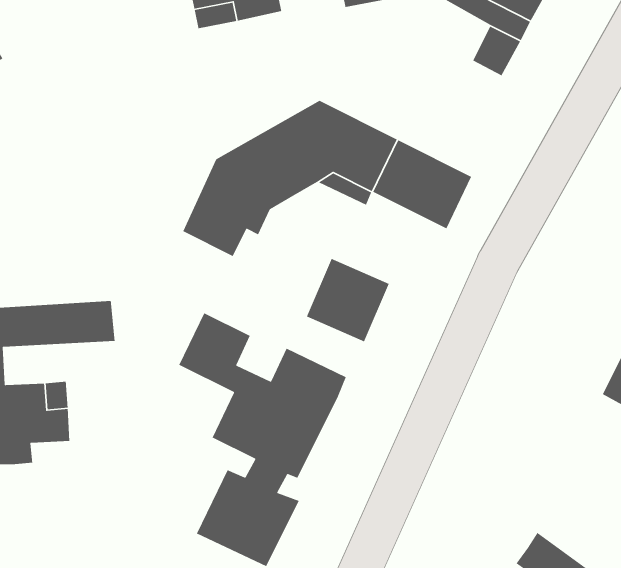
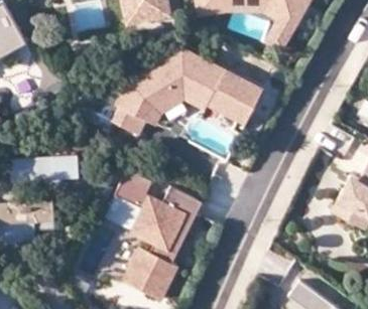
building: [306,258,390,343] -> none

